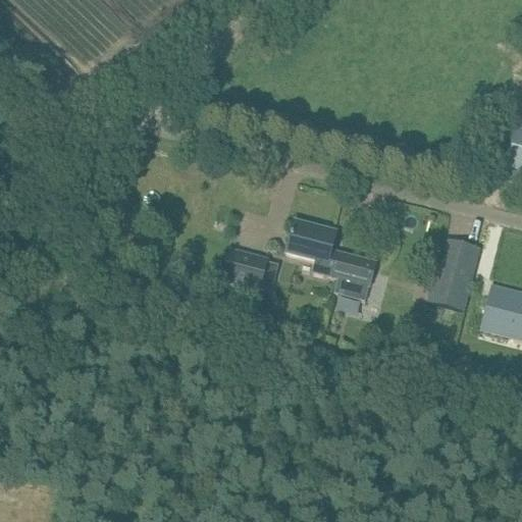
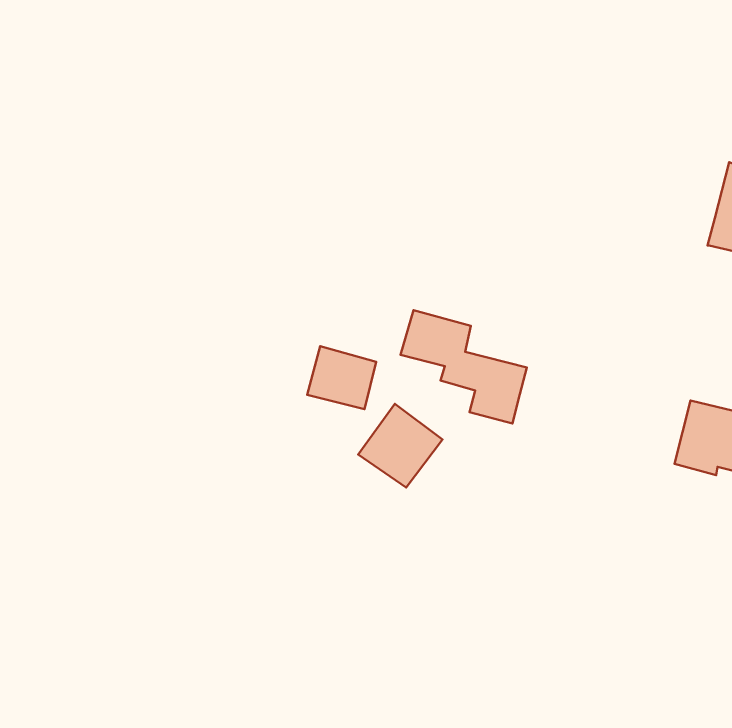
building: [428,238,480,310] -> none
building: none -> [358,404,442,487]

